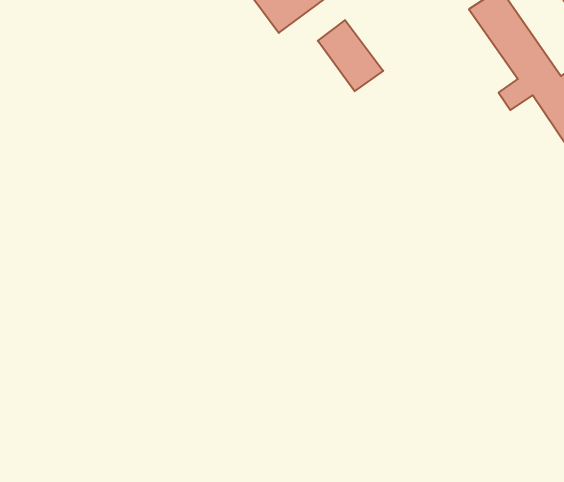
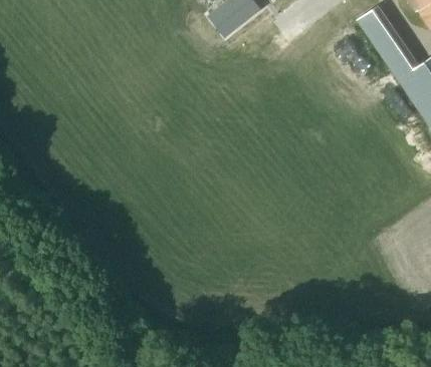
building: [318,20,383,91] -> none

